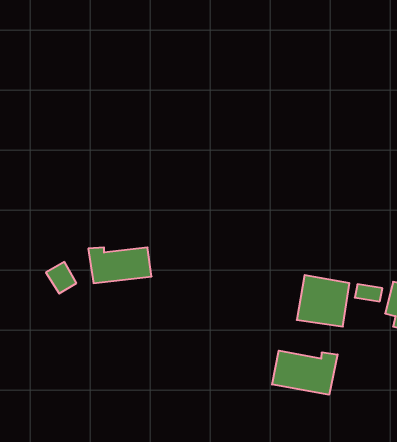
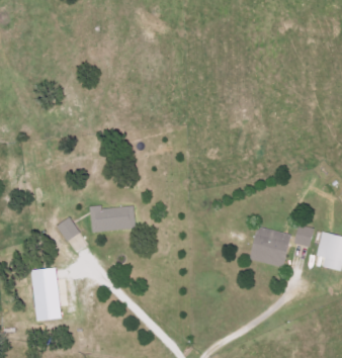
building: none -> [30,267,60,321]
building: [272,351,338,395] -> none

